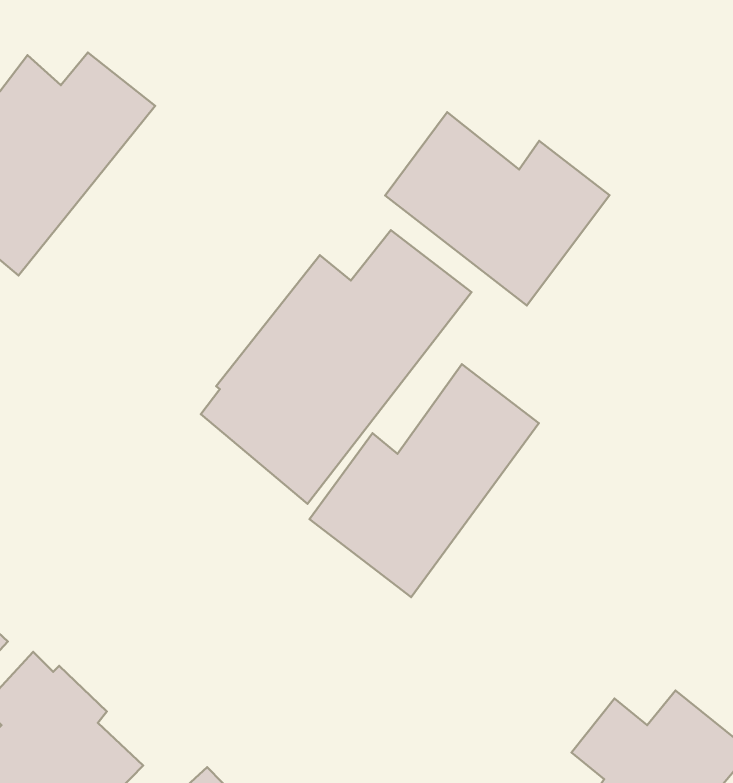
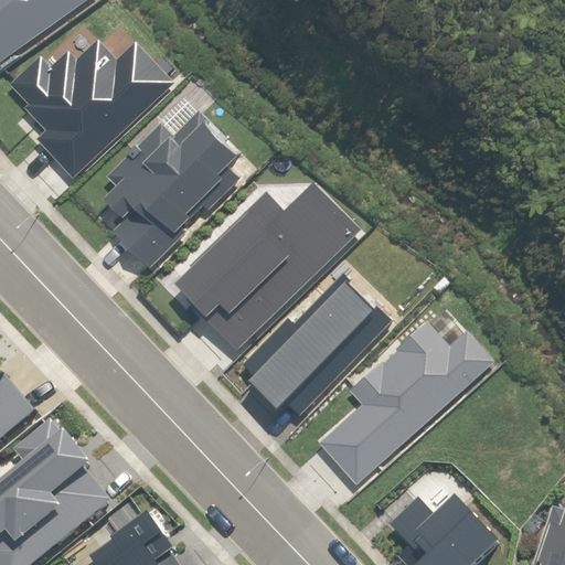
building: [385,112,609,305] -> none
building: none -> [103,120,239,269]
building: none -> [318,320,494,484]

